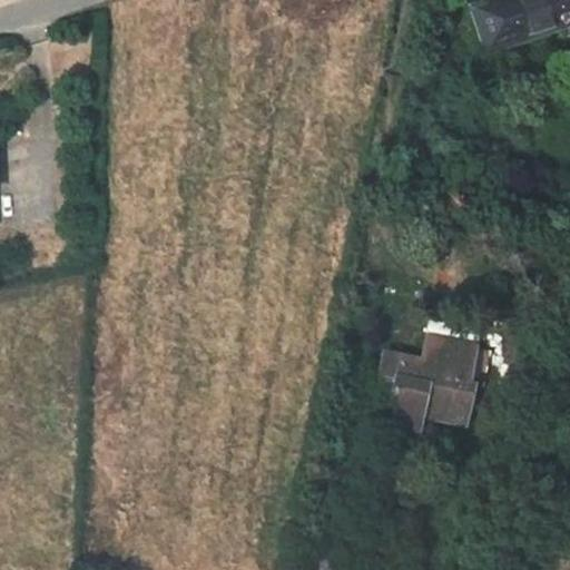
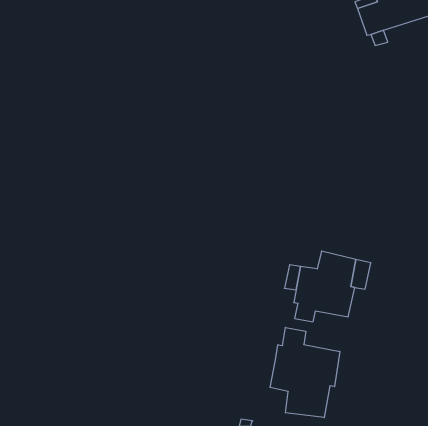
building: none -> [270,327,340,418]

